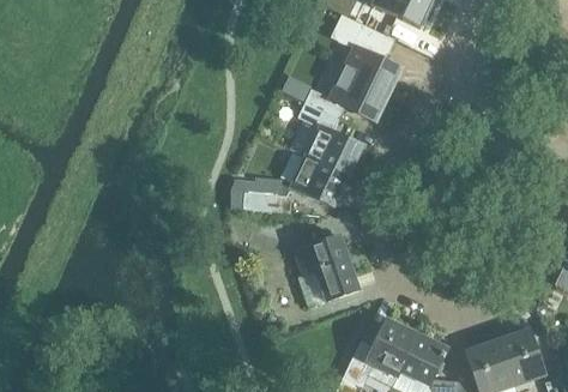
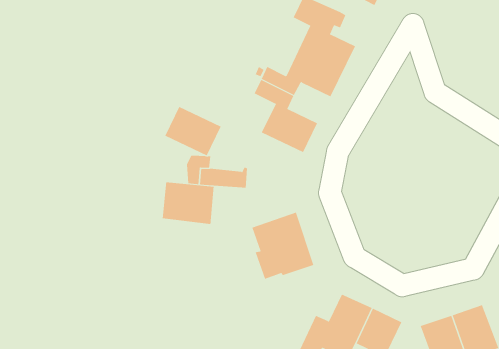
building: [290,156,348,206] -> [165,106,222,156]
building: none -> [162,181,214,225]

